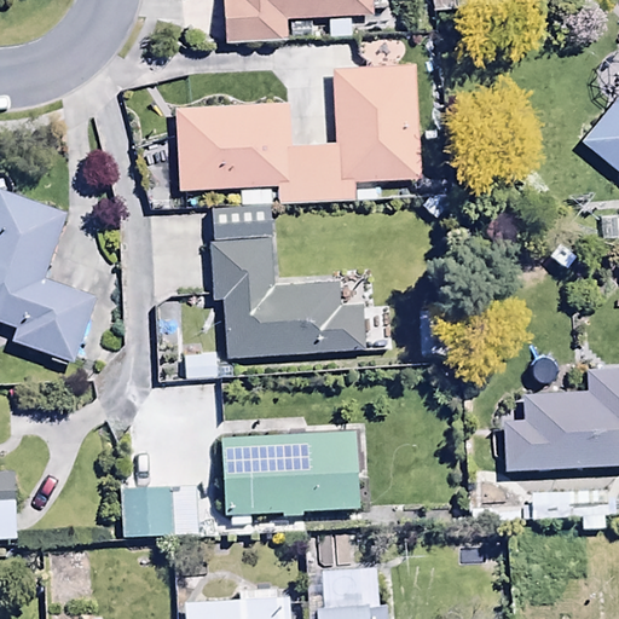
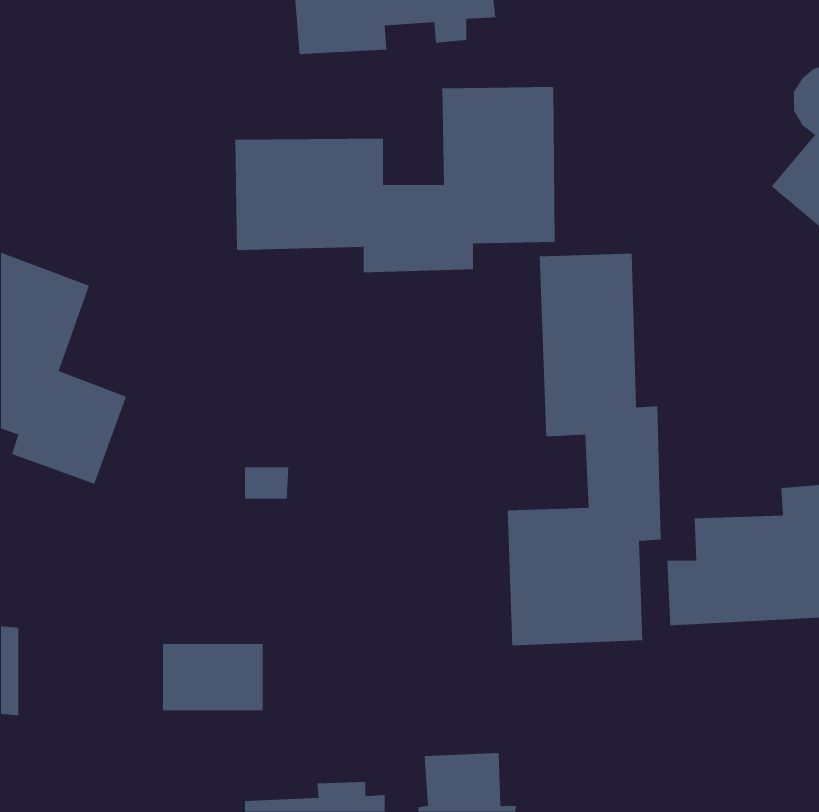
building: none -> [507,253,661,646]
building: [207,203,365,355] -> none
building: [221,429,371,523] -> none

